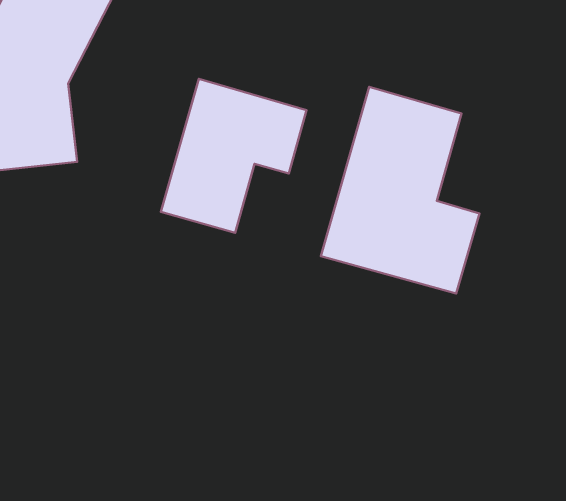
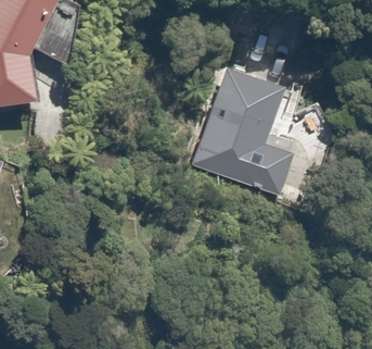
building: [161,79,306,233] -> none

